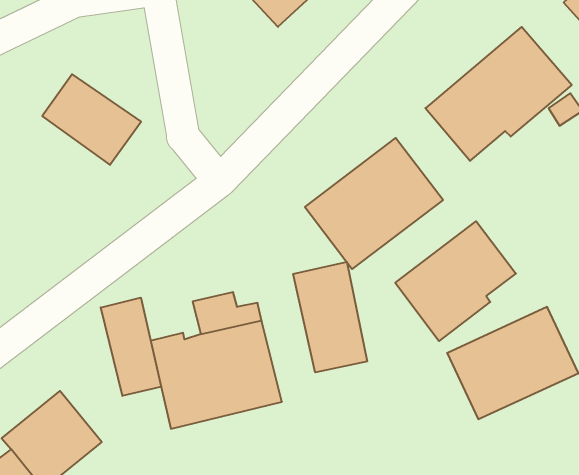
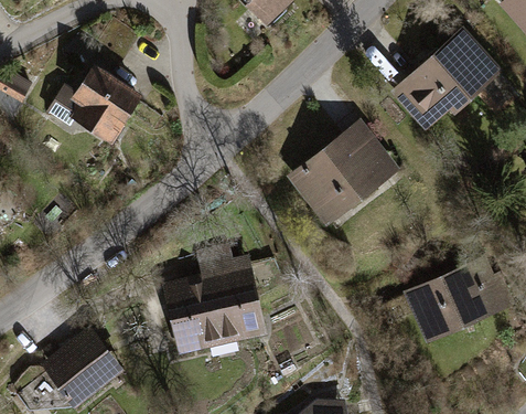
building: [395,221,516,341] -> none
building: [293,262,367,372] -> none
building: [101,298,161,396] -> none

